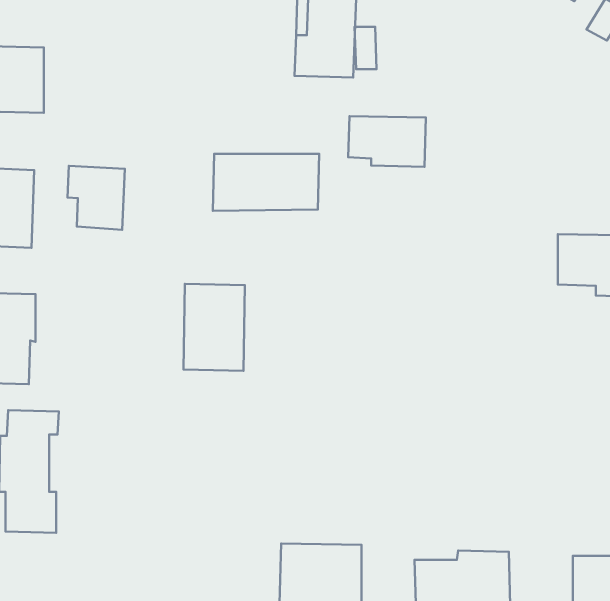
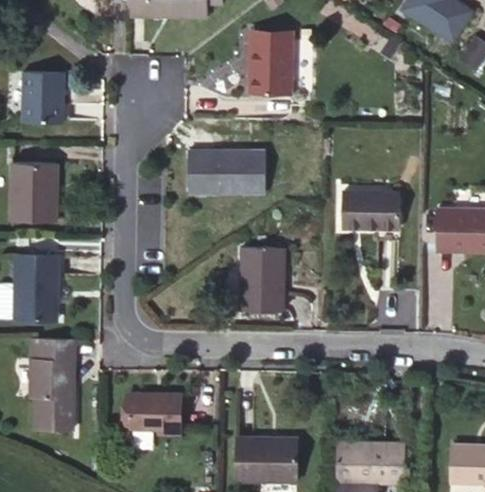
building: [348,116,426,167] -> [343,192,400,229]
building: [68,166,125,230] -> none
building: [183,284,245,371] -> [239,247,284,311]
building: none -> [125,392,178,435]

